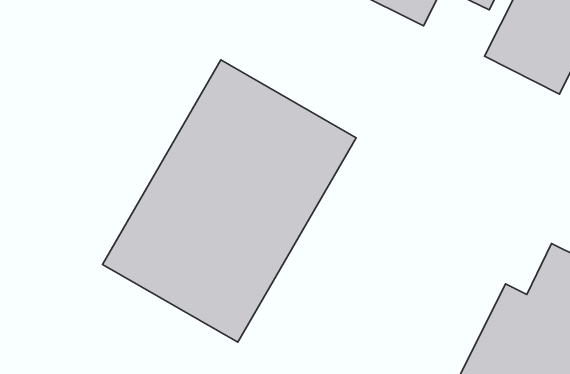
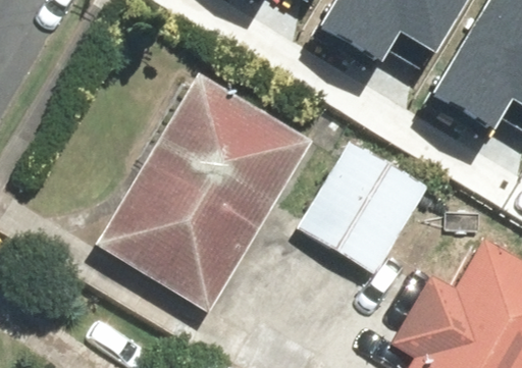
building: none -> [295,139,440,285]

